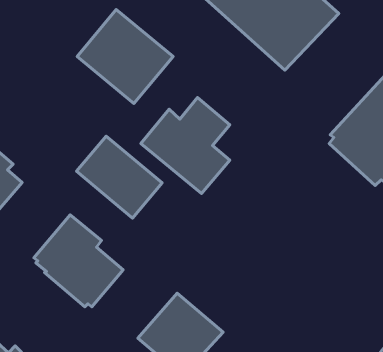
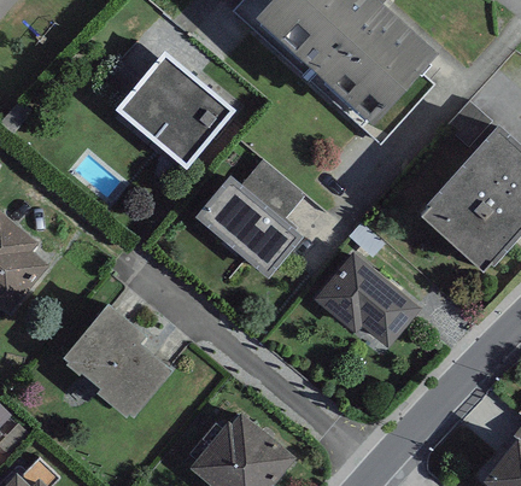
building: [77,136,162,218] -> none
building: none -> [311,251,418,345]

